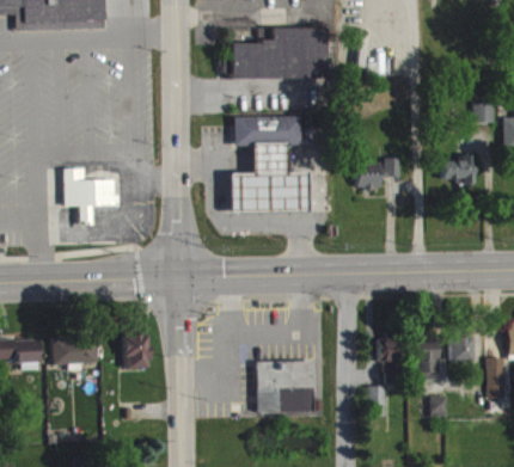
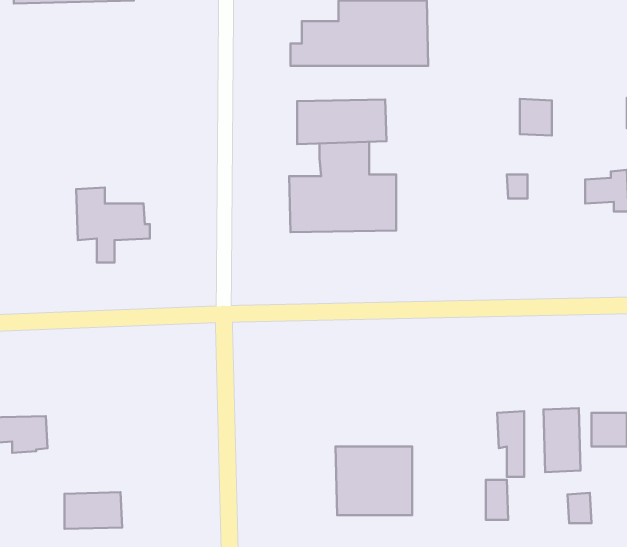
building: [357,162,381,190] -> [520,99,552,136]
building: [123,336,151,369] -> none
building: [54,338,97,365] -> [64,492,122,529]

